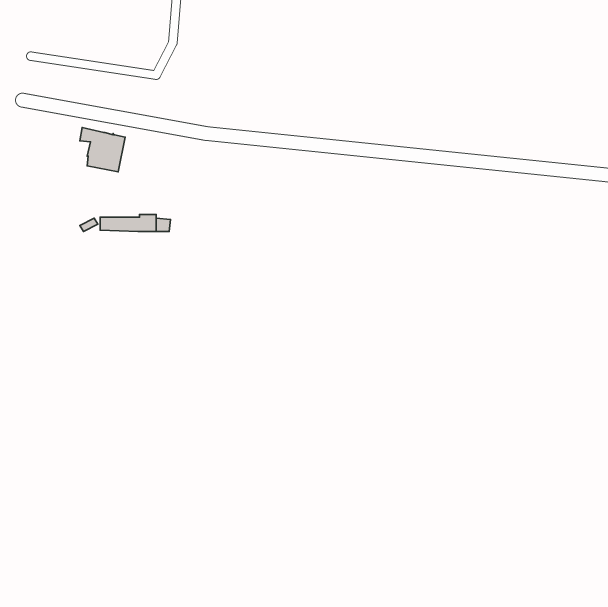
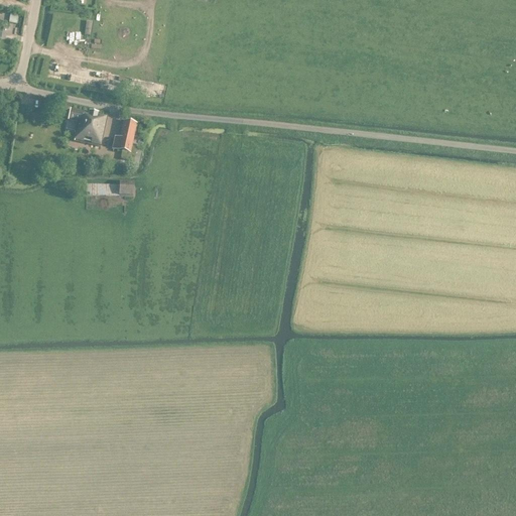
building: none -> [113,119,136,152]

